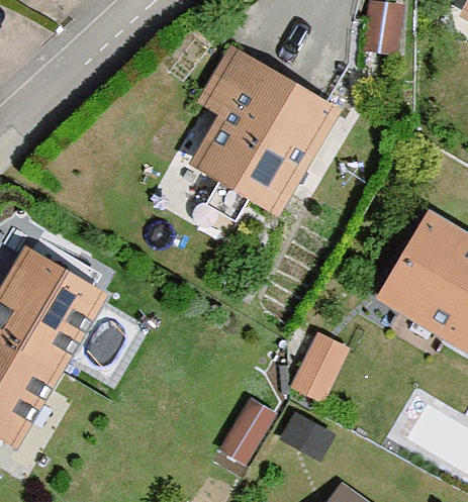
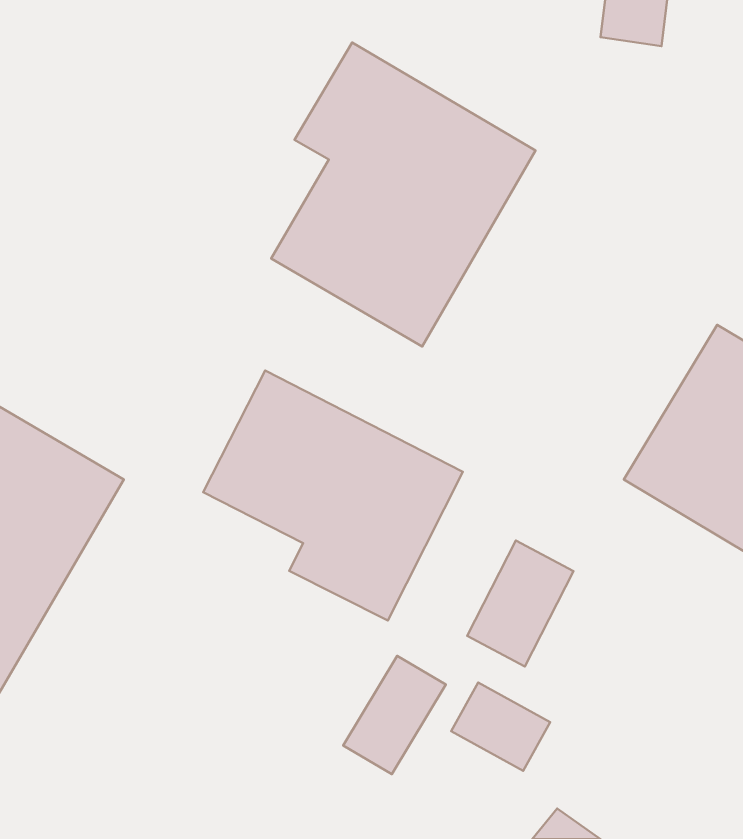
building: none -> [203,371,463,620]

